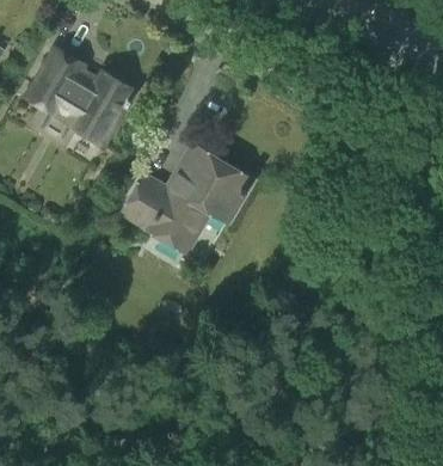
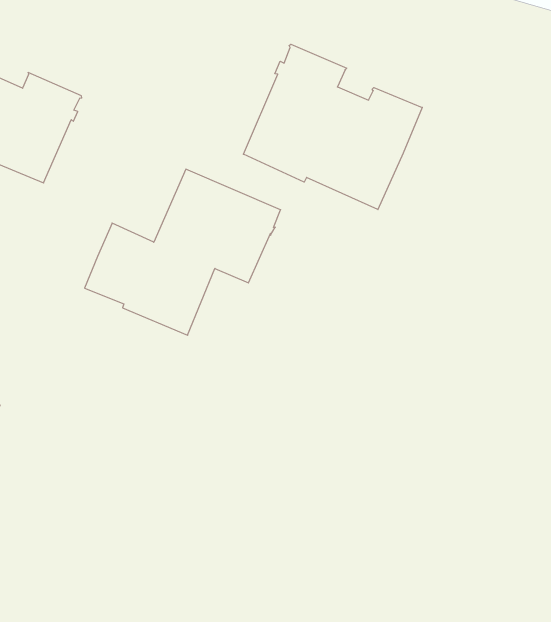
building: none -> [243,44,422,210]

